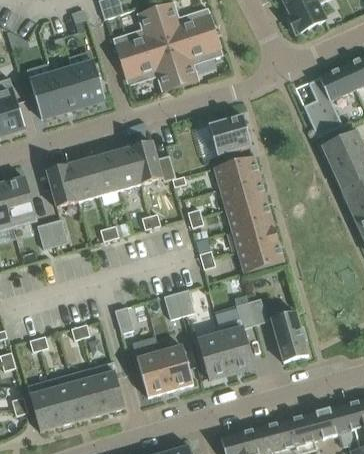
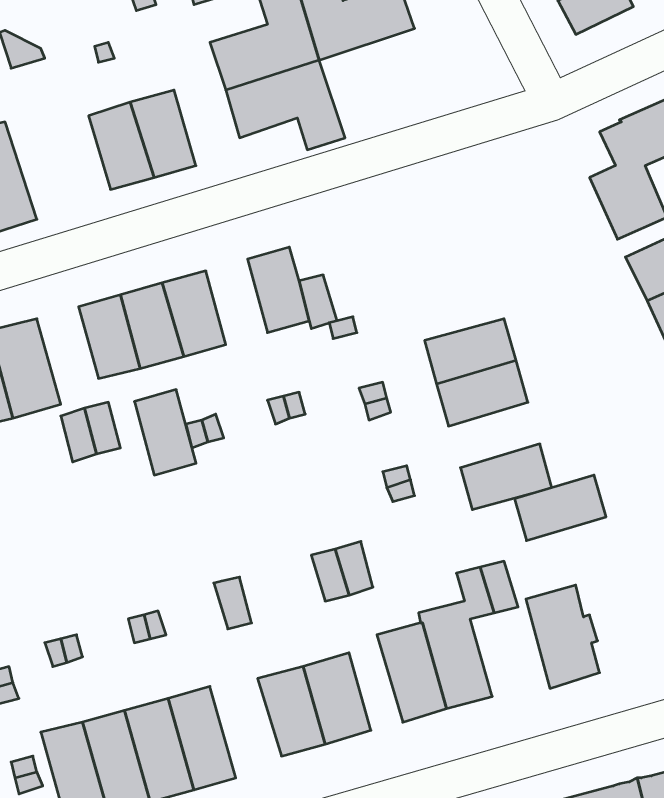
building: [167,30,223,85] -> none
building: [30,74,62,118] -> none
building: [208,114,251,155] -> none
building: [110,146,141,189] -> [134,390,196,475]
building: [214,155,260,187] -> none
building: [232,218,278,251] -> [515,475,606,541]

